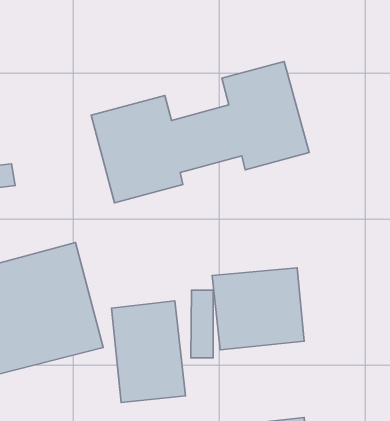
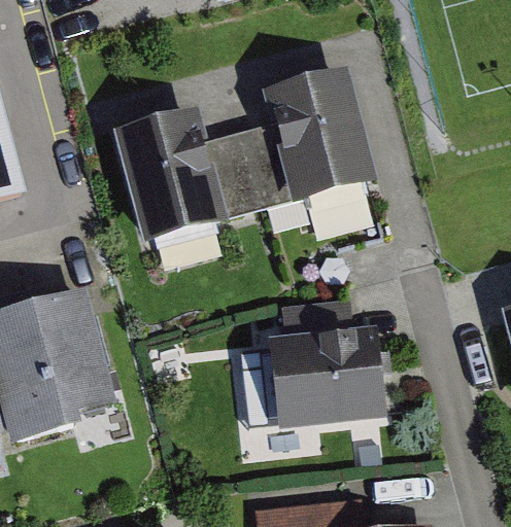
building: [112,301,186,402] -> none

